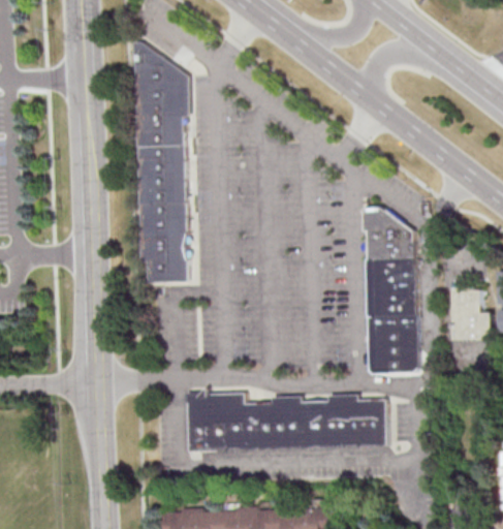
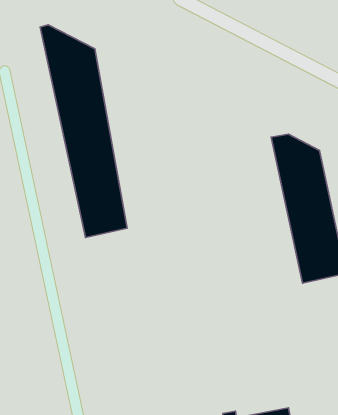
building: [189,393,389,452] -> none

